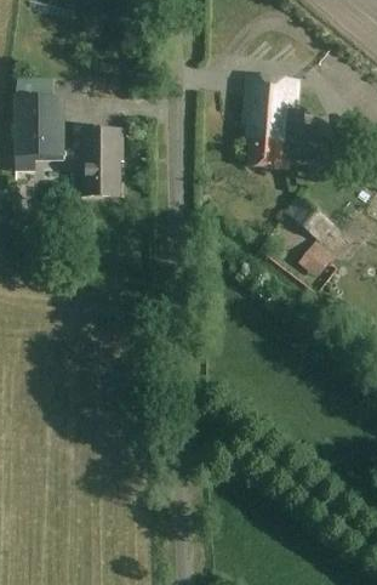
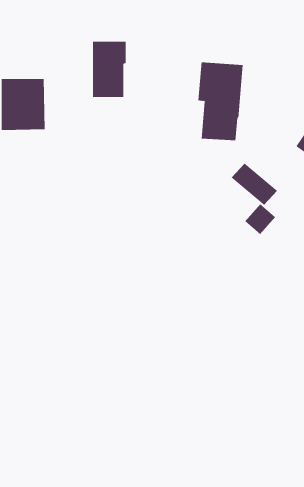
building: [82,130,122,195] -> [92,41,126,97]

